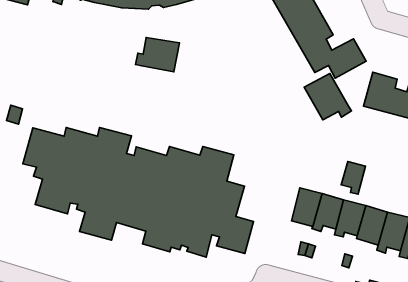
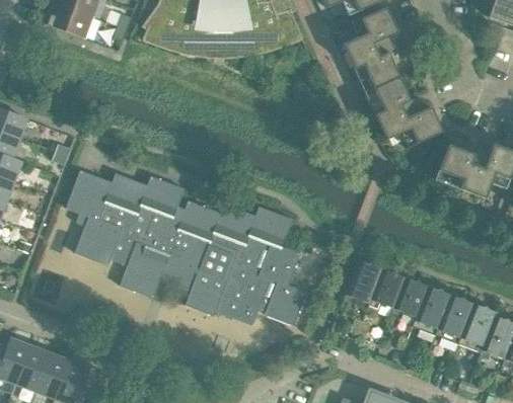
building: [135,37,180,72] -> none
building: [304,73,351,120] -> none
building: [341,162,366,194] -> none

